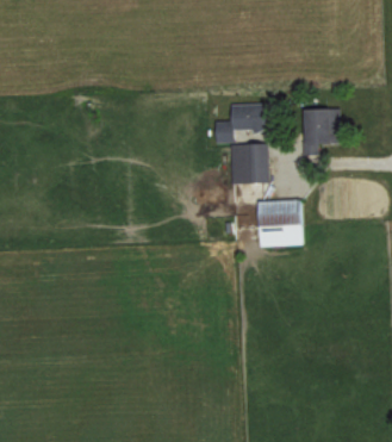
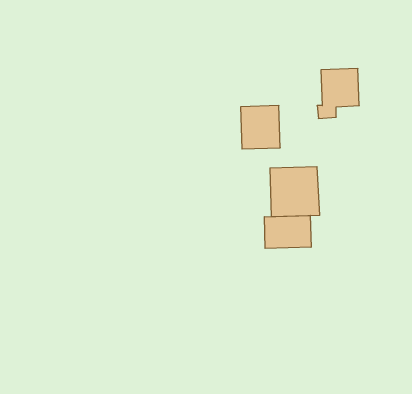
building: [214,102,272,143] -> none
building: none -> [264,215,311,248]

